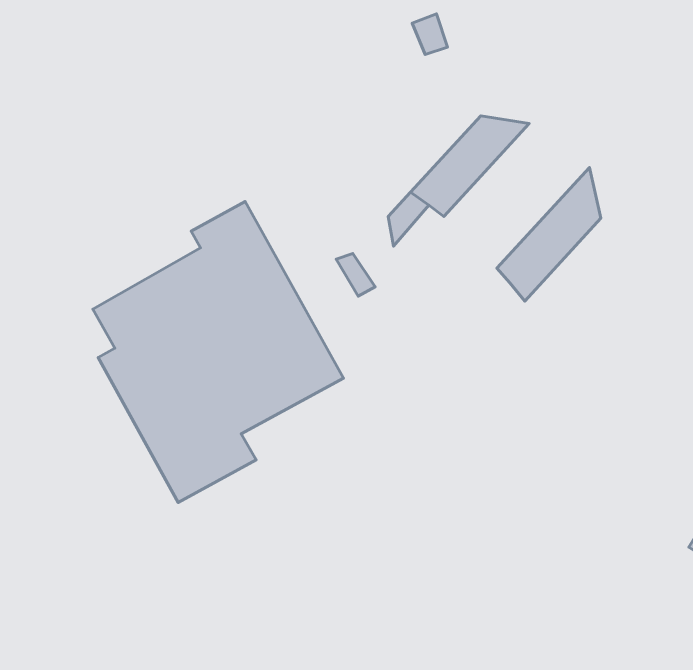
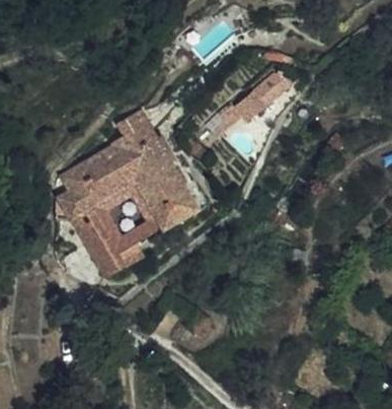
building: [497,167,601,301] -> none

